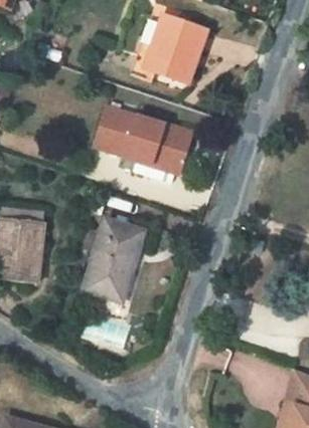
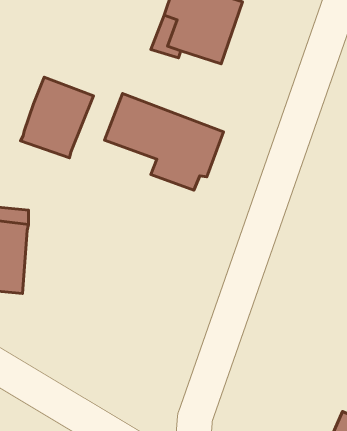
building: none -> [21,77,93,158]
building: [88,224,140,302] -> none

